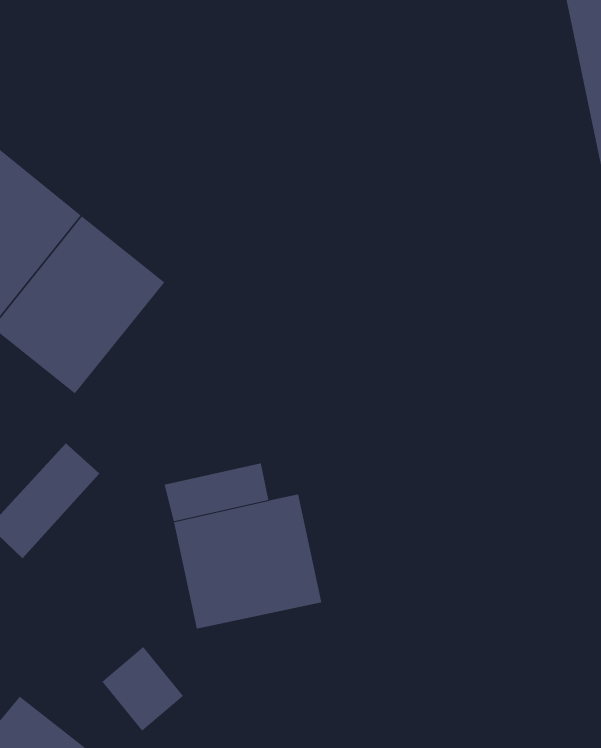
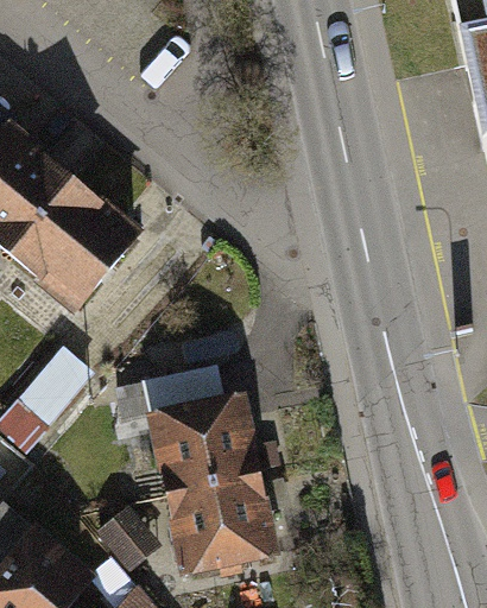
building: none -> [166,471,280,572]

